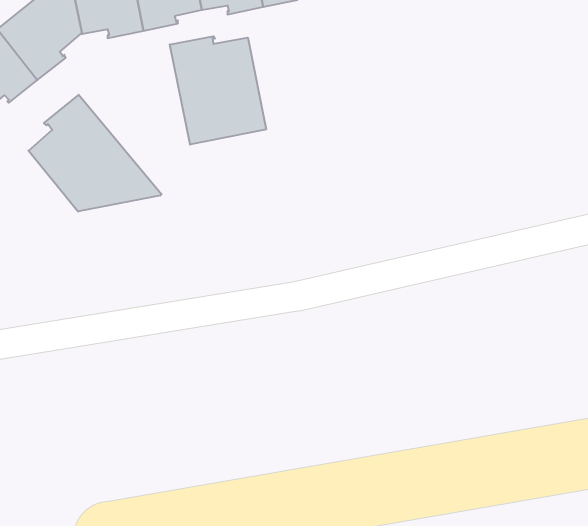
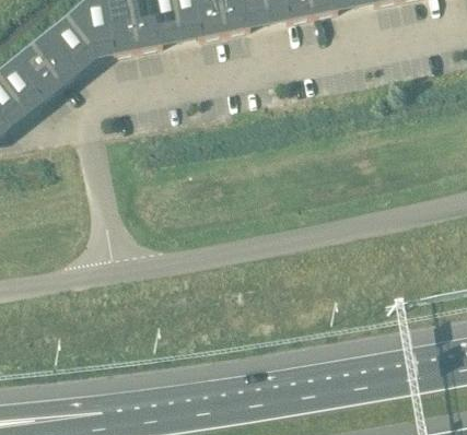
building: [170,36,266,145] -> none
building: [28,95,162,212] -> none

